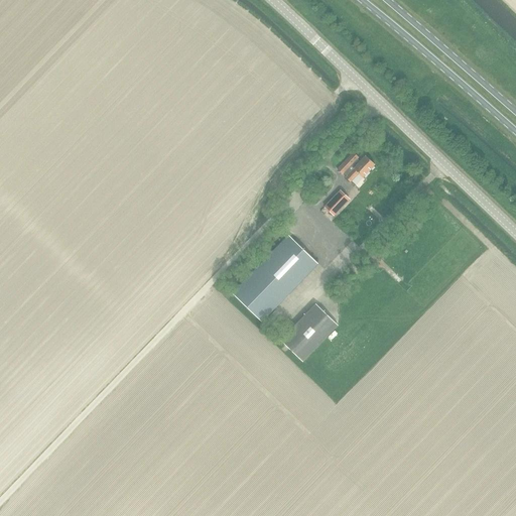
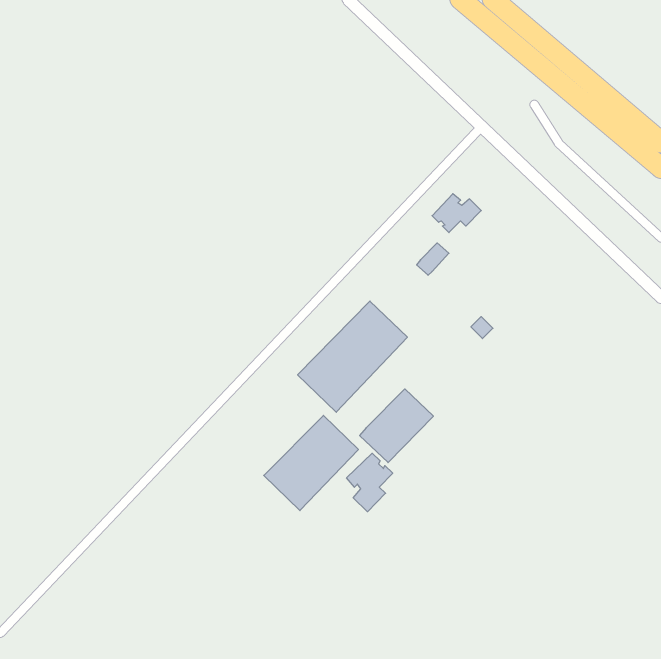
building: none -> [264,415,358,511]
building: none -> [347,453,393,512]

